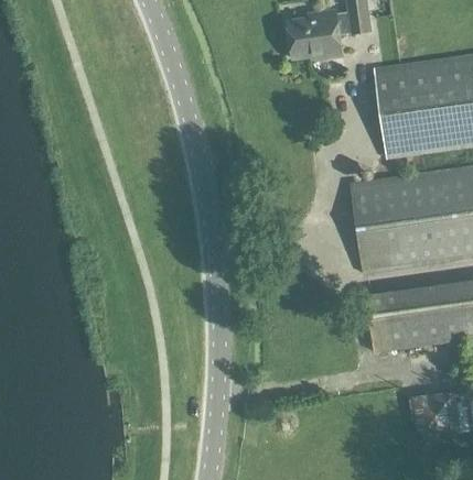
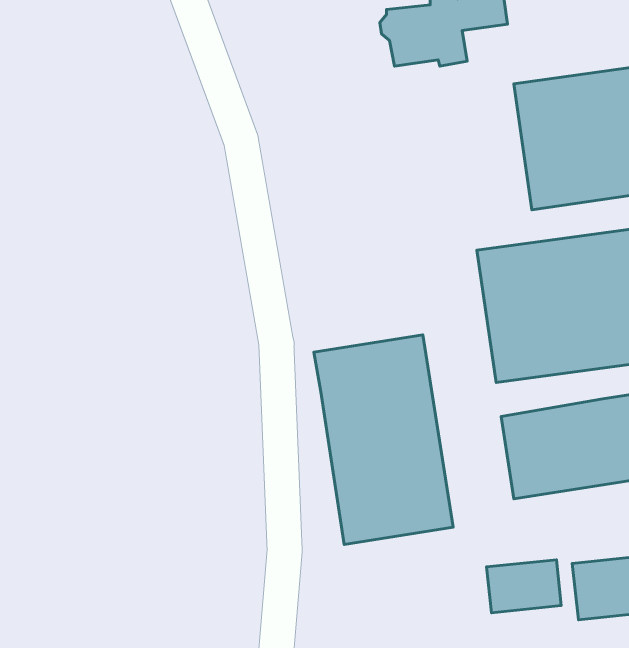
building: none -> [314,335,453,545]
building: none -> [487,560,561,613]

